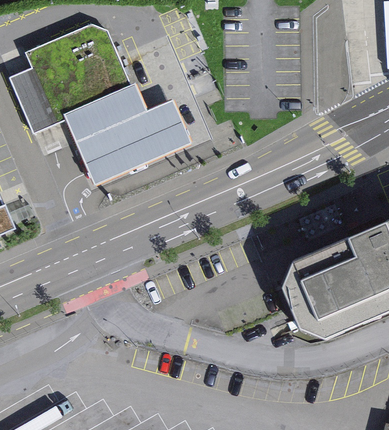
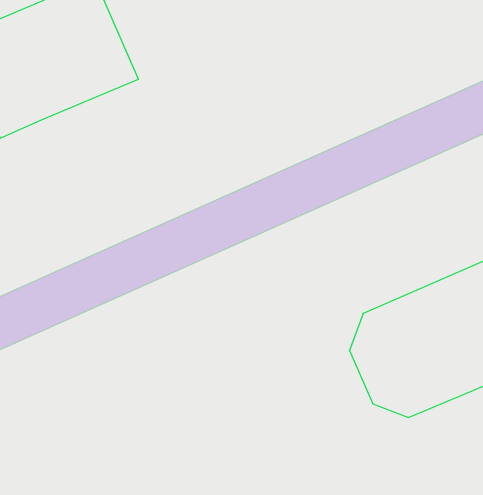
building: [64,88,190,185] -> none

